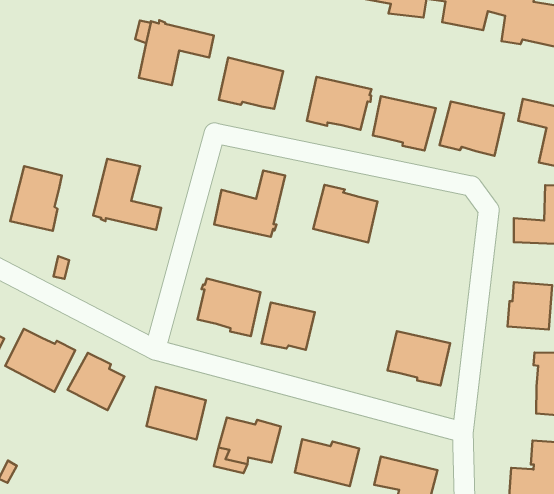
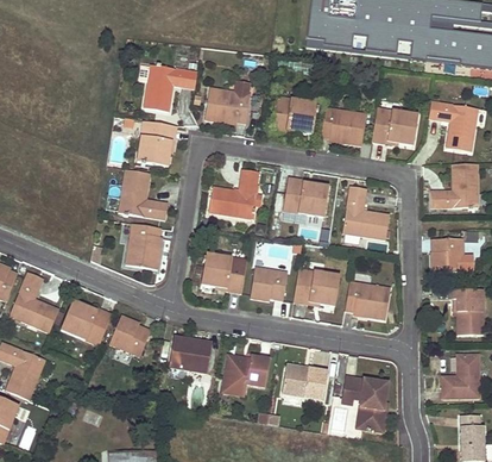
building: none -> [137,120,176,167]
building: [10,166,62,231] -> [125,223,160,269]
building: none -> [341,186,389,239]
building: none -> [292,268,340,306]

